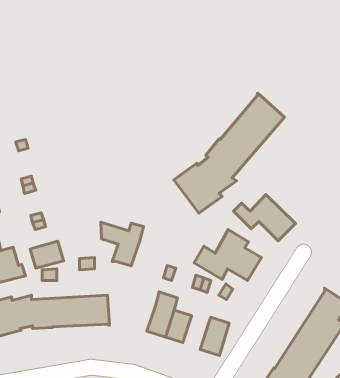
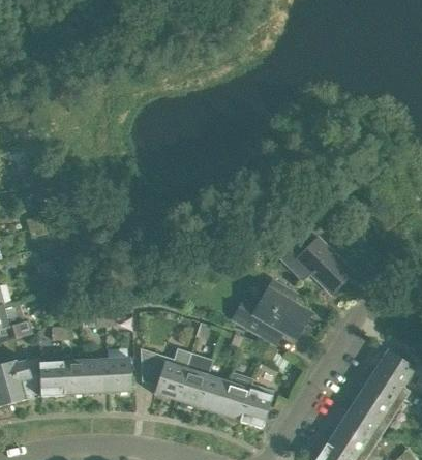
building: [174,93,285,213] -> none
building: [101,222,144,266] -> [140,347,190,399]
building: [30,241,64,268] -> none
building: none -> [218,371,252,421]

